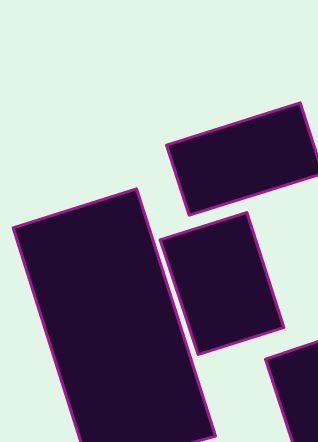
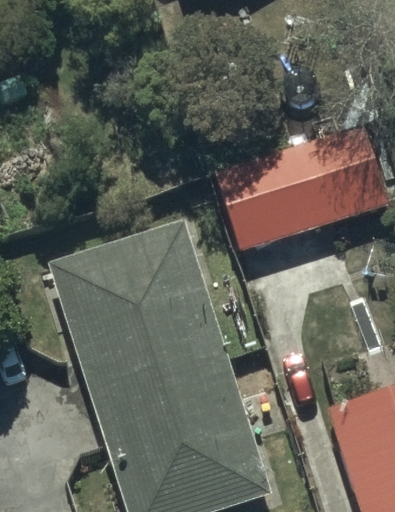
building: [160,212,284,355] -> none

